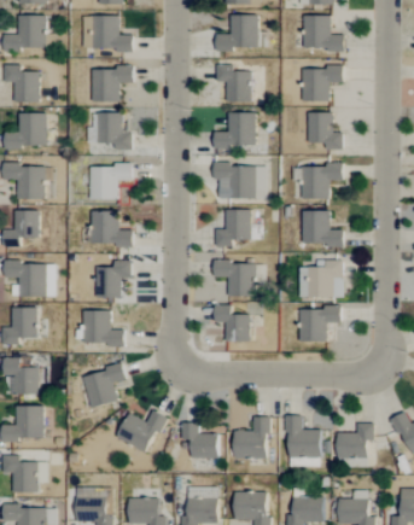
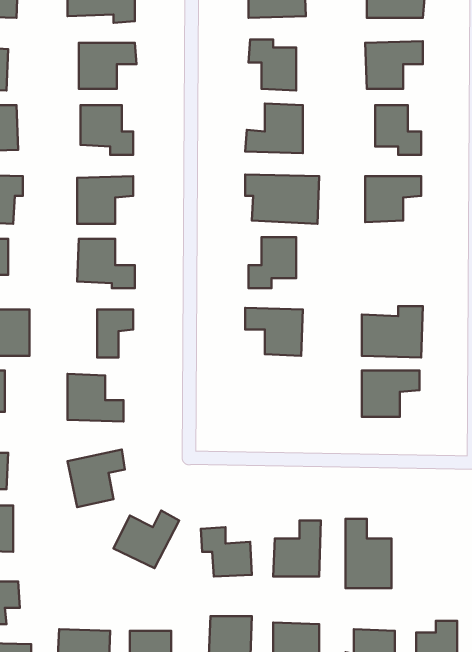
building: [302,211,343,246] -> none
building: [214,305,250,342] -> none
building: [337,424,374,459] -> none

